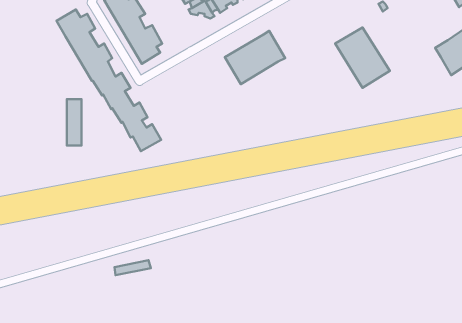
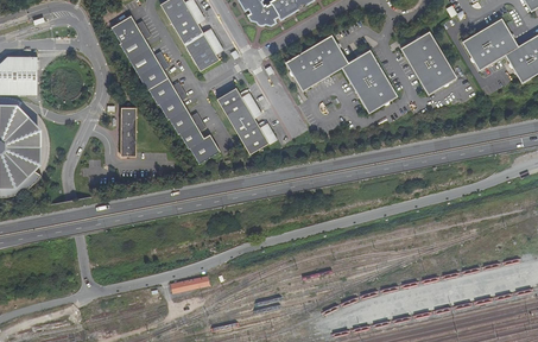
building: none -> [462,18,518,70]
building: none -> [341,51,397,114]
building: none -> [215,86,273,153]

